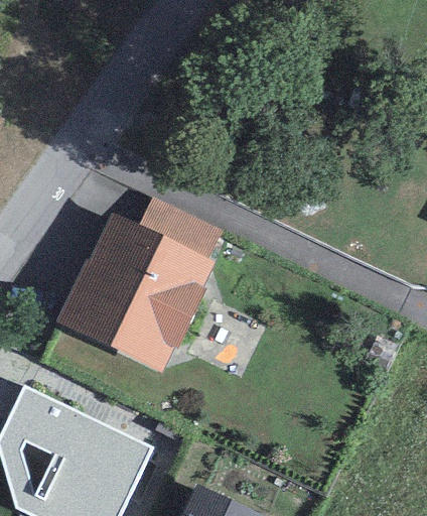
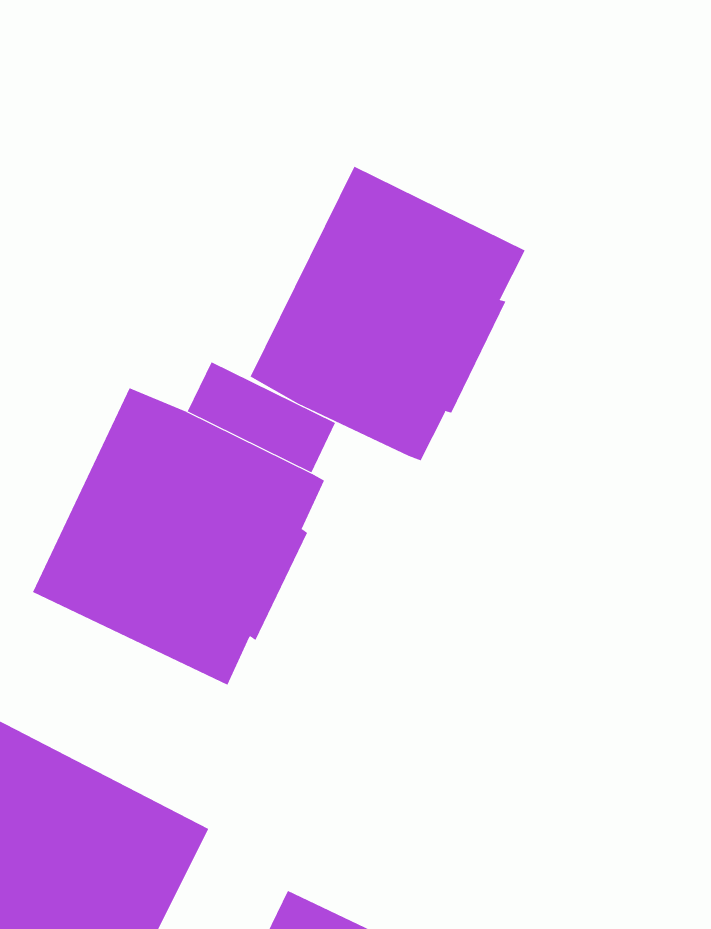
building: none -> [250,166,525,461]

